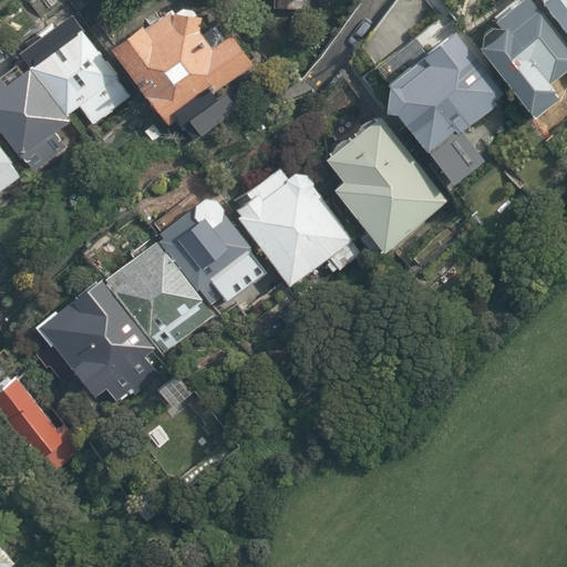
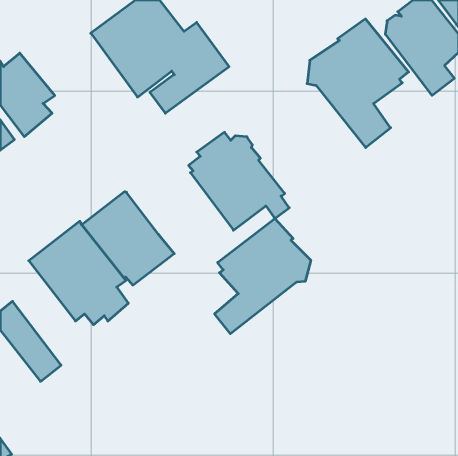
building: [19,18,131,124] -> none
building: [321,115,449,254] -> none
building: [157,197,267,313] -> none
building: none -> [215,219,311,334]

